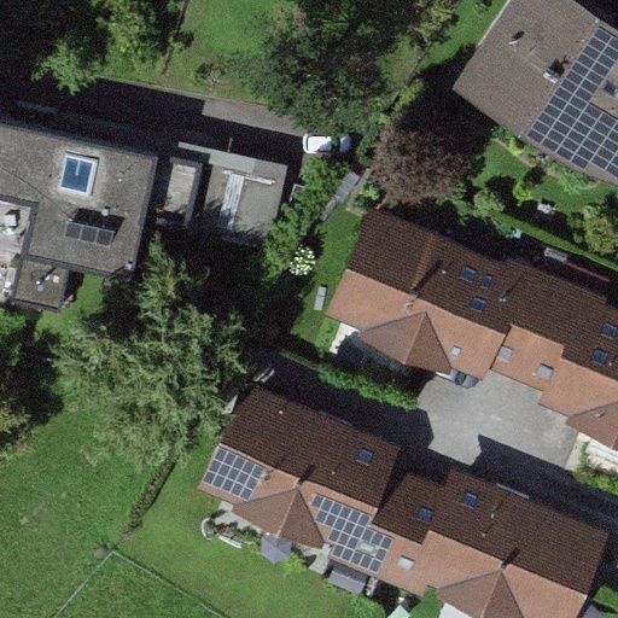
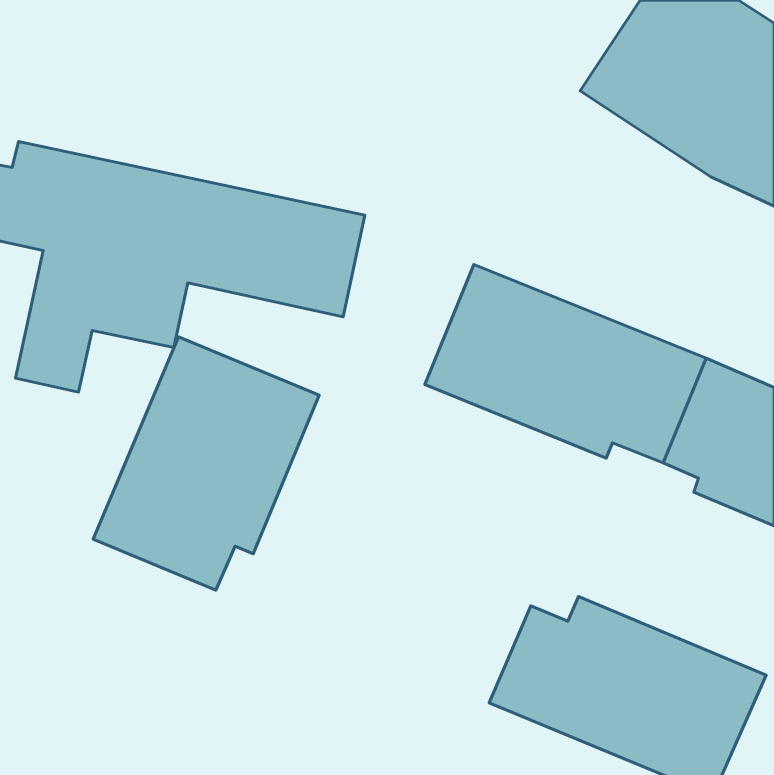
building: none -> [93,337,319,590]
building: [208,390,416,560] -> none

